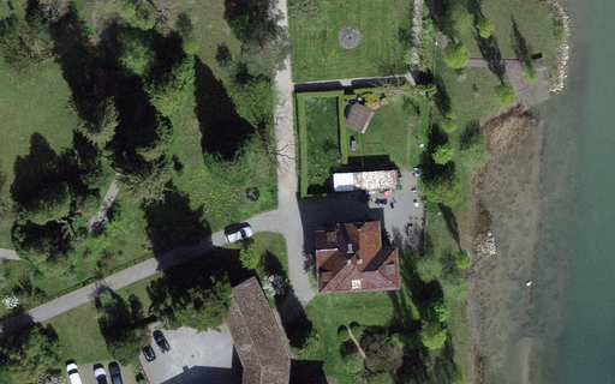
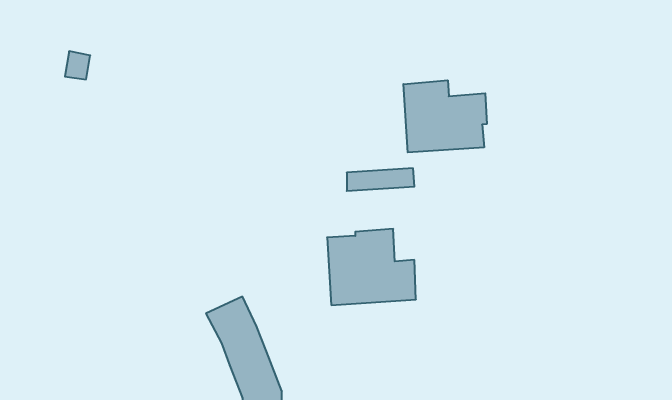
building: none -> [403,80,487,152]

